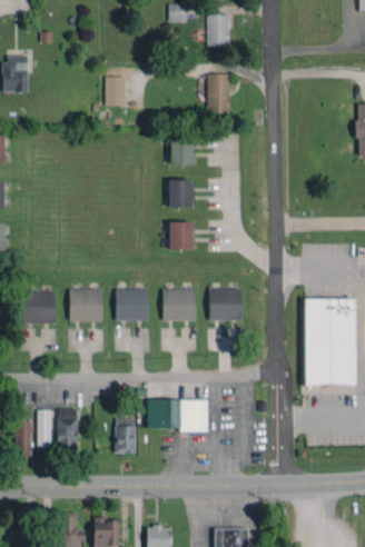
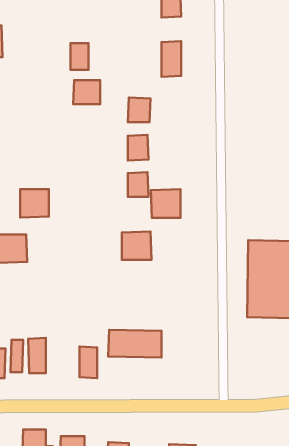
building: none -> [73,80,100,104]
building: [116,288,149,320] -> none
building: [209,288,243,320] -> [151,189,180,218]
building: [70,289,102,321] -> [20,189,49,218]

